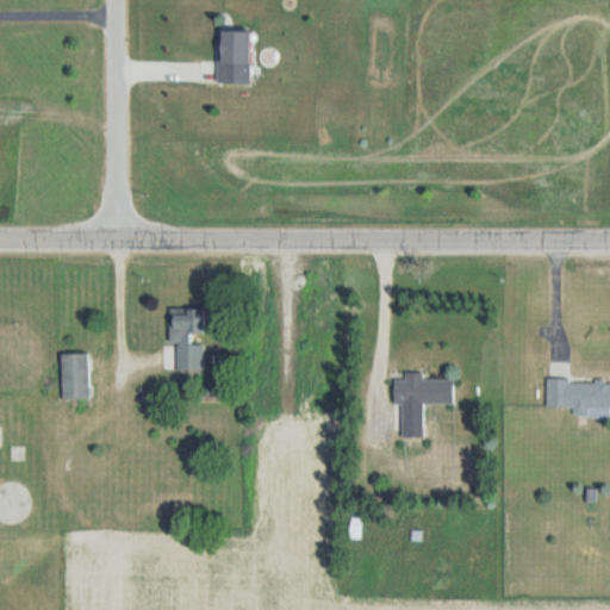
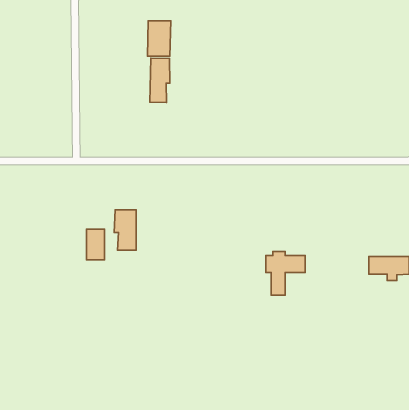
building: none -> [150,58,170,102]
building: [62,354,88,399] -> [87,229,104,260]

